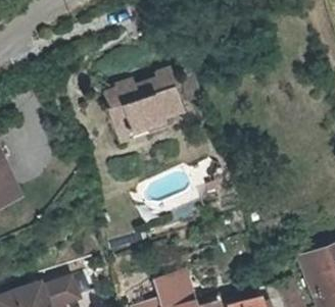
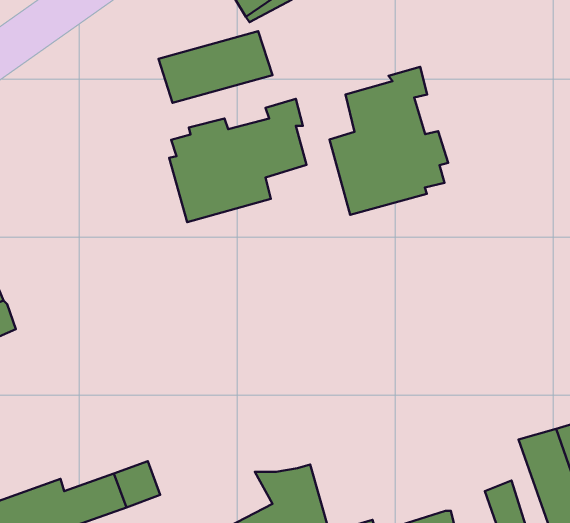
building: none -> [158,31,272,103]
building: none -> [329,67,448,215]

